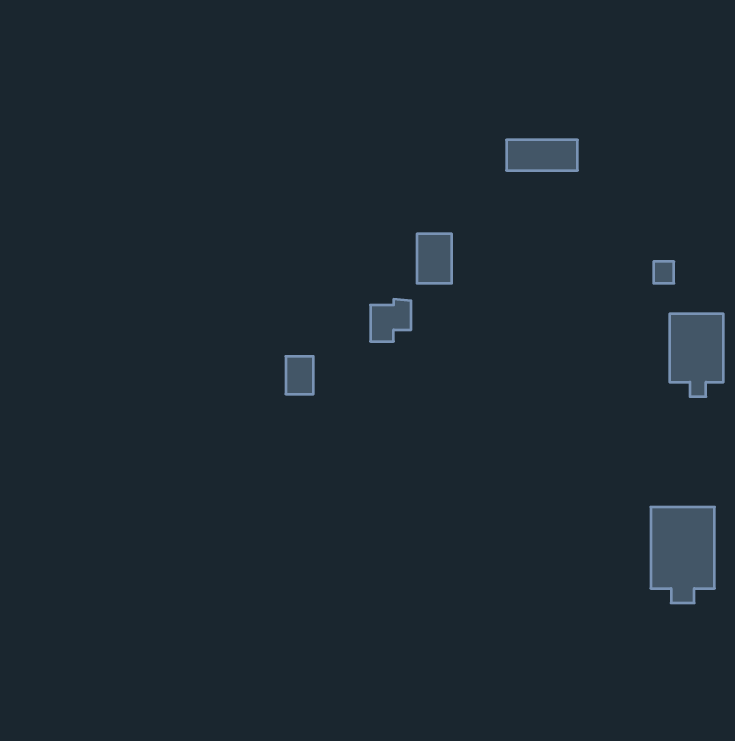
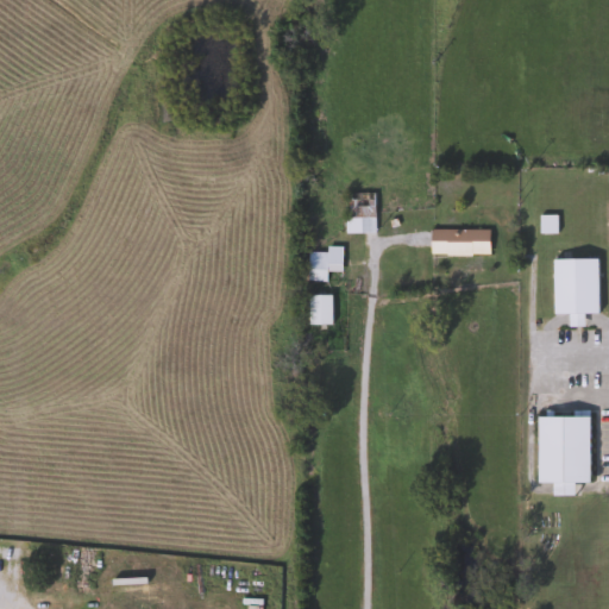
building: [506,140,578,170] -> [432,228,490,253]
building: [286,356,313,394] -> [309,294,332,325]

